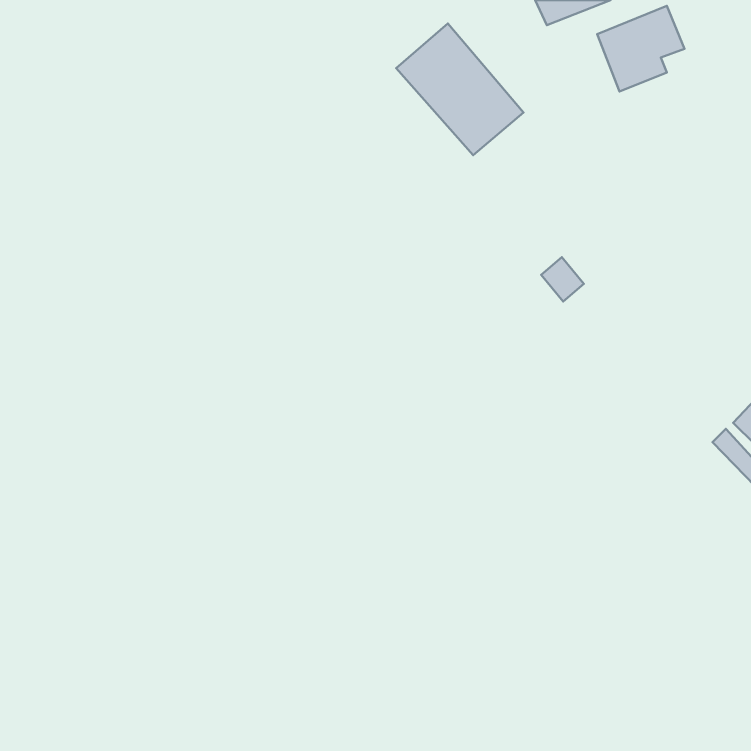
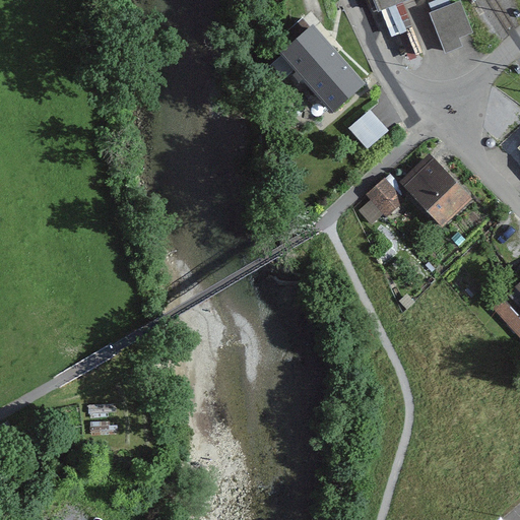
building: none -> [349,106,391,147]
building: none -> [401,154,474,230]

